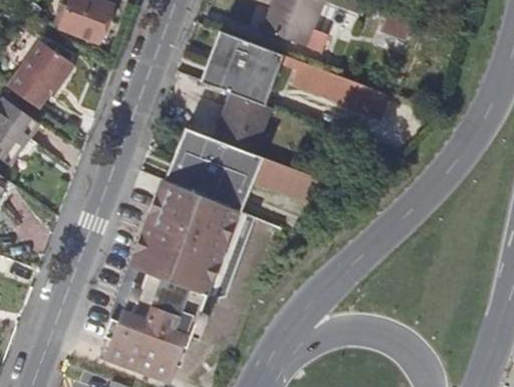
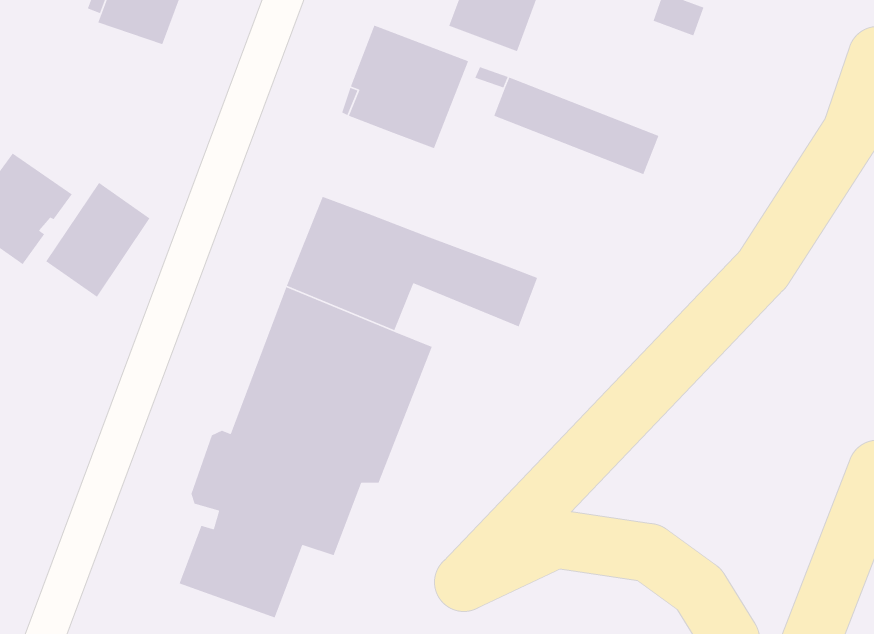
building: [7,42,68,110] -> [45,182,151,298]
building: [217,94,267,154] -> none

